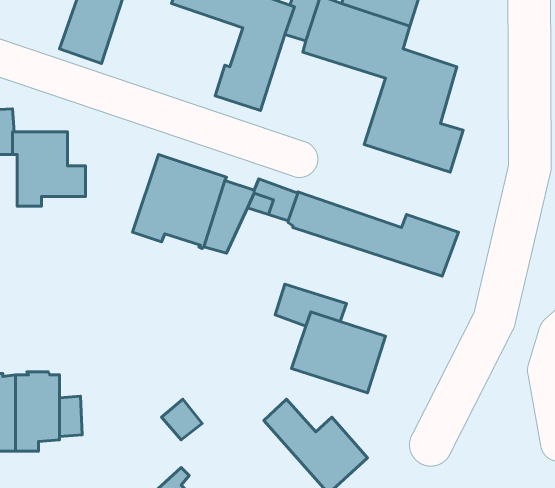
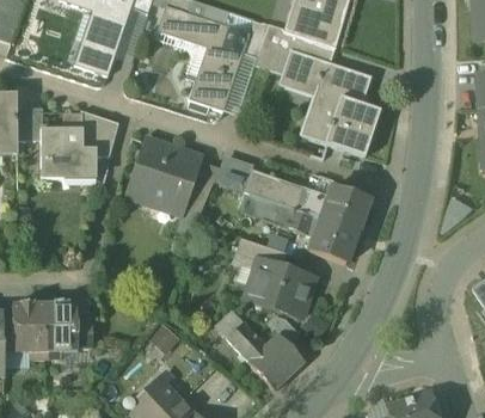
building: none -> [80,110,117,155]
building: none -> [241,195,357,263]

